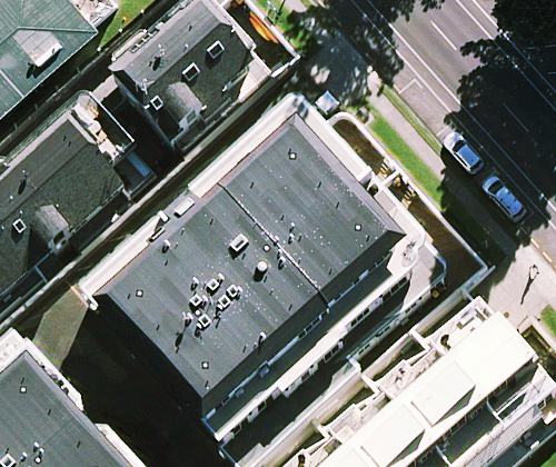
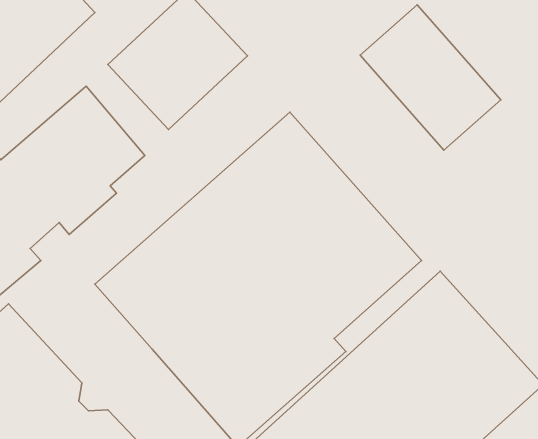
building: none -> [360,5,501,150]

